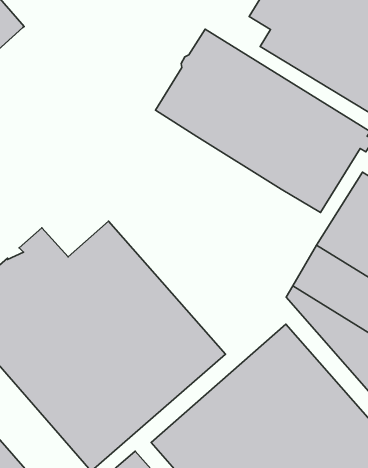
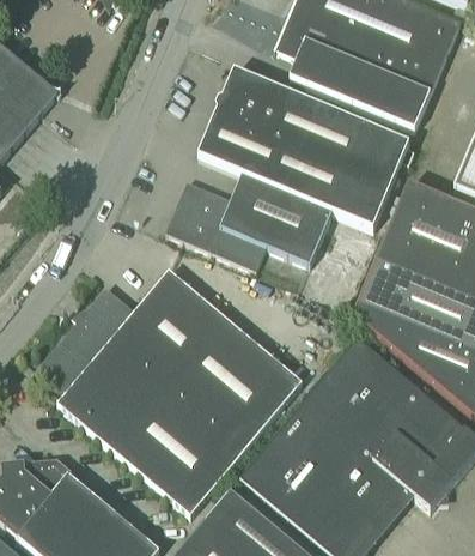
building: none -> [165,171,331,267]

